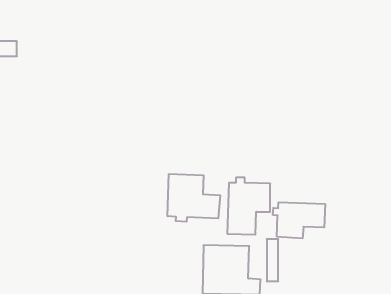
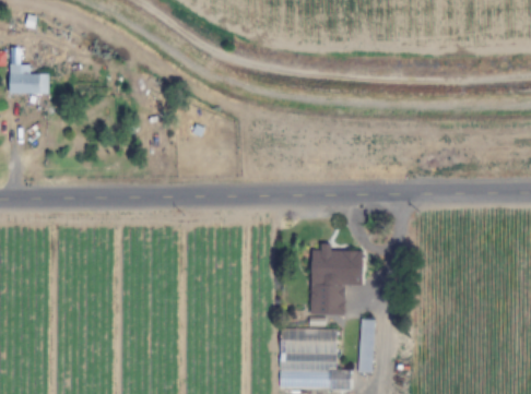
building: [168,174,220,222] -> none
building: [273,202,325,238] -> none

